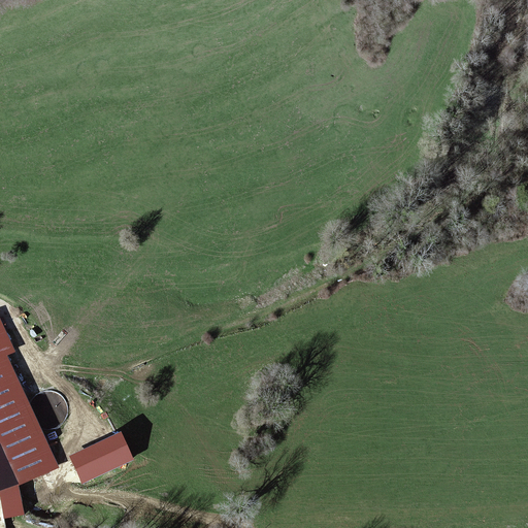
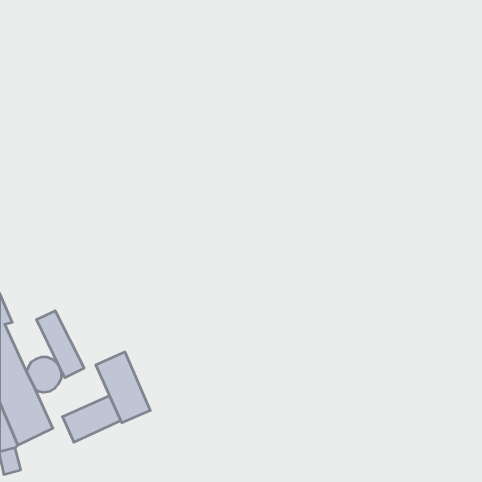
building: none -> [36,311,84,378]
building: none -> [96,352,150,423]

